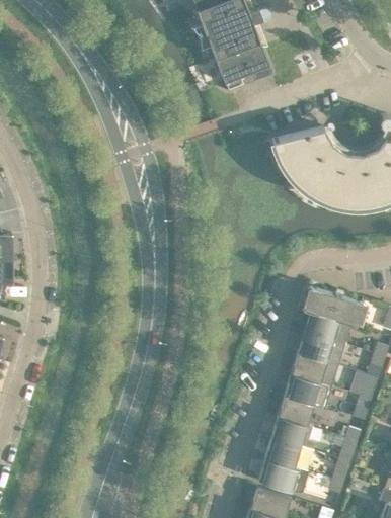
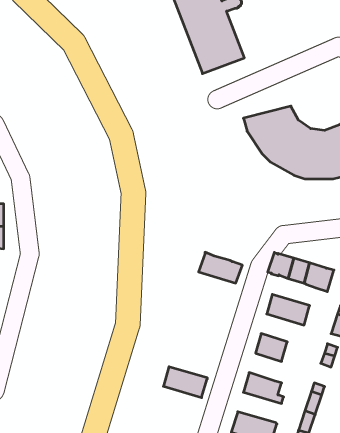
building: [303,312,350,345] -> [199,252,242,283]
building: [291,354,337,387] -> none
building: [278,397,313,427] -> none
building: [265,439,313,472] -> [163,367,207,398]

